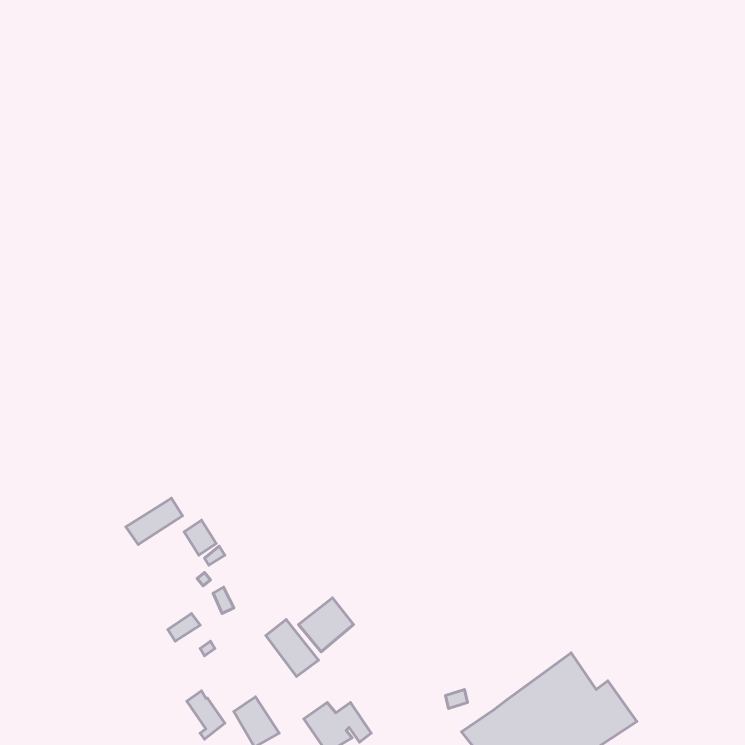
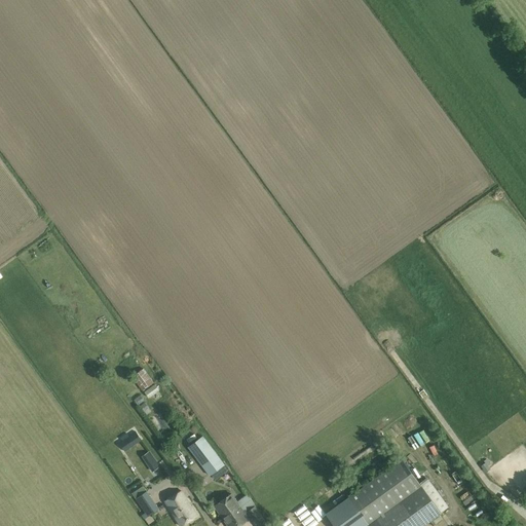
building: [126,498,183,545] -> none
building: [299,598,353,652] -> none

